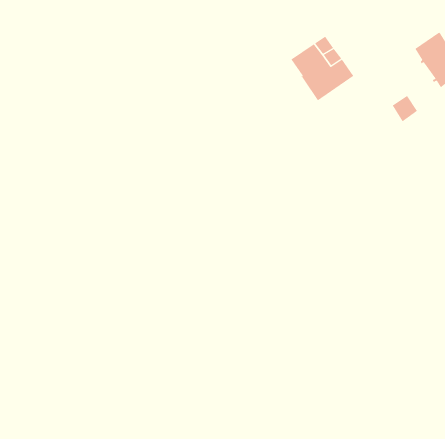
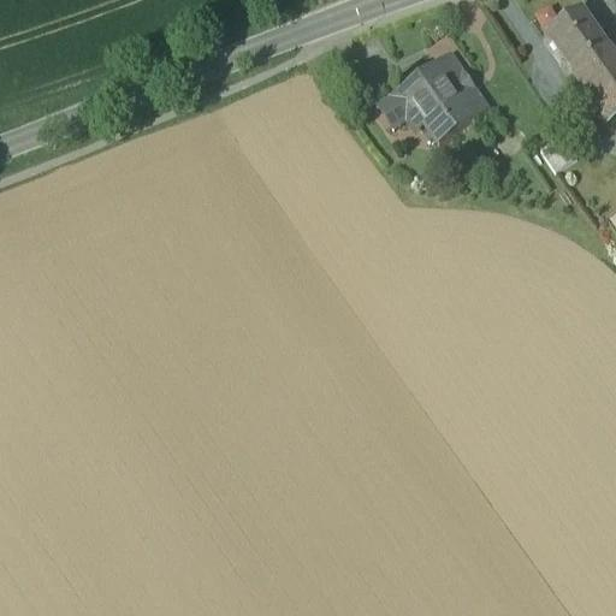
building: none -> [547,6,606,67]
building: none -> [383,82,417,120]

